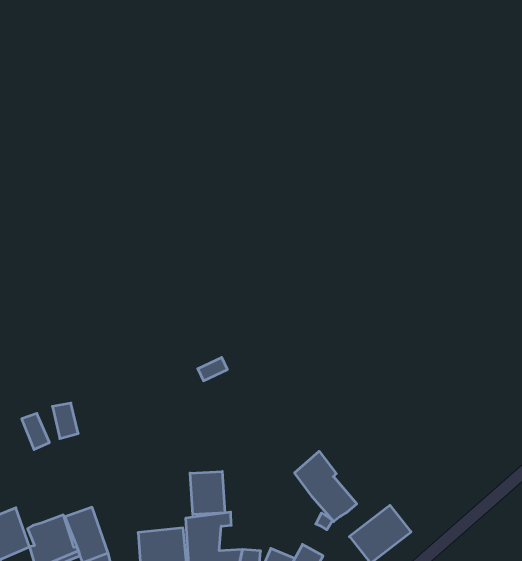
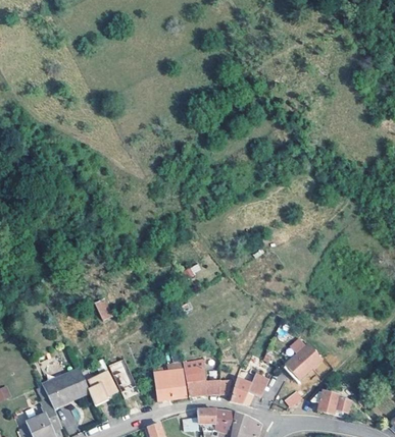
building: [295,451,357,522] -> none
building: [190,471,225,515] -> none

